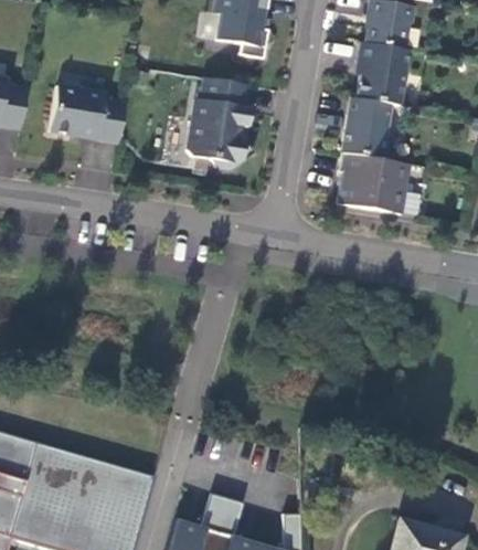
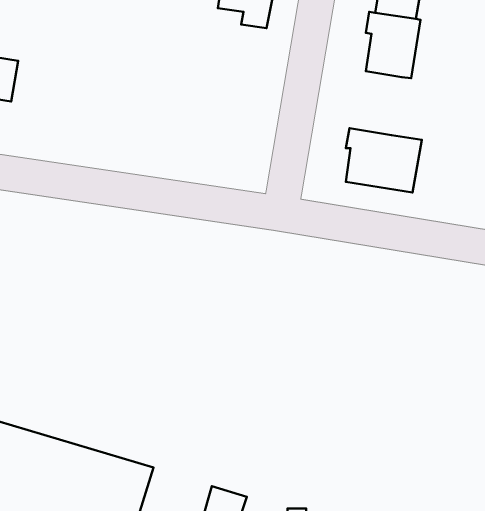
building: [187,78,254,169] -> none
building: [50,85,126,142] -> none
building: [341,98,391,160] -> none

